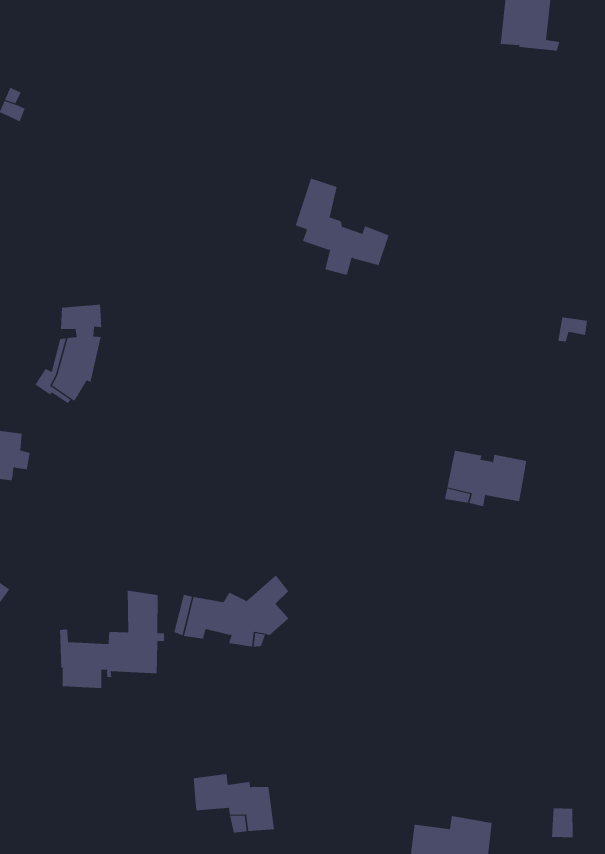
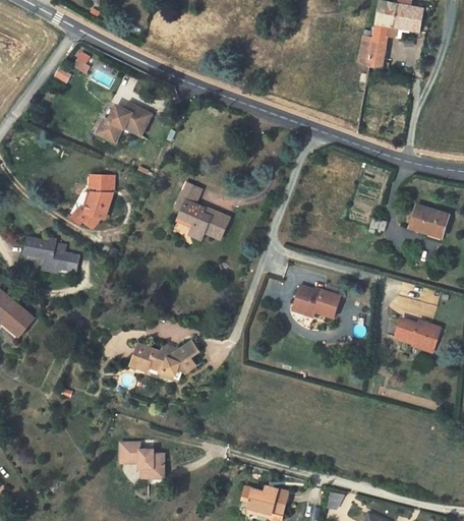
building: none -> [94,99,151,139]
building: [295,178,390,276] -> [174,182,226,239]
building: [59,590,164,689] -> none

